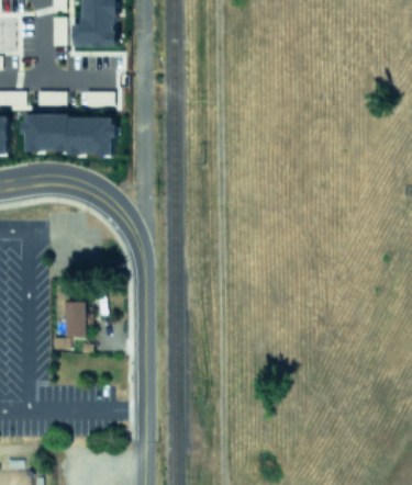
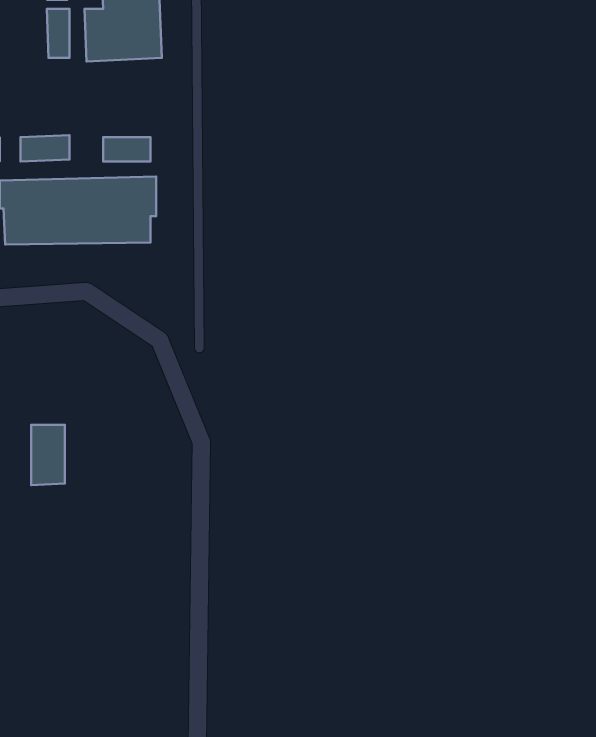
building: [65,302,85,337] -> [31,425,65,485]

